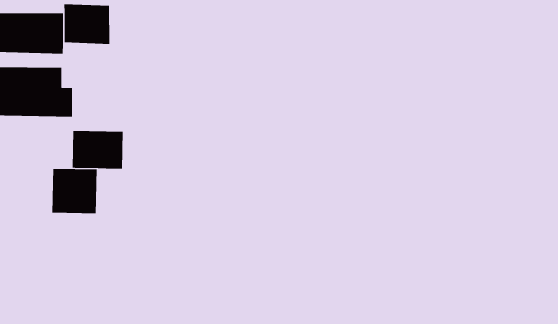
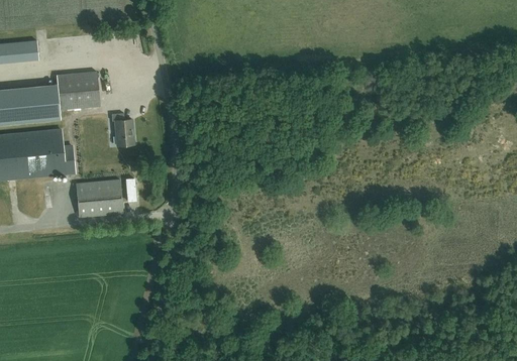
building: none -> [111,113,134,145]
building: [52,168,97,214] -> none

